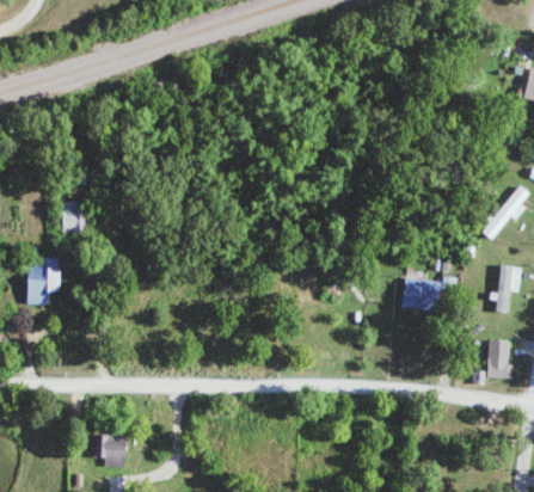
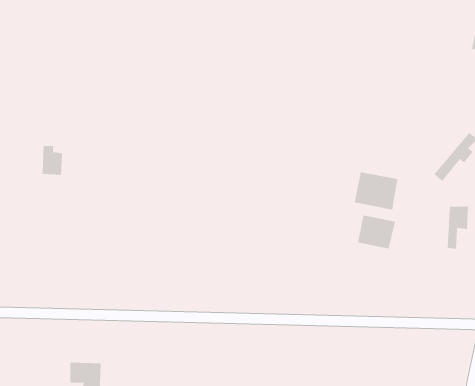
building: none -> [354,171,398,210]
building: [25,257,59,303] -> none
building: [487,339,511,379] -> none

